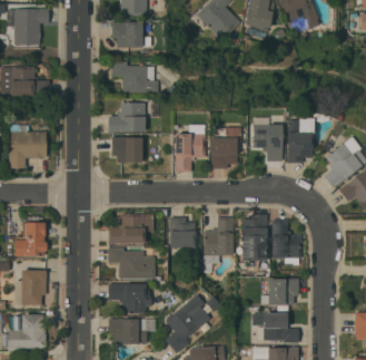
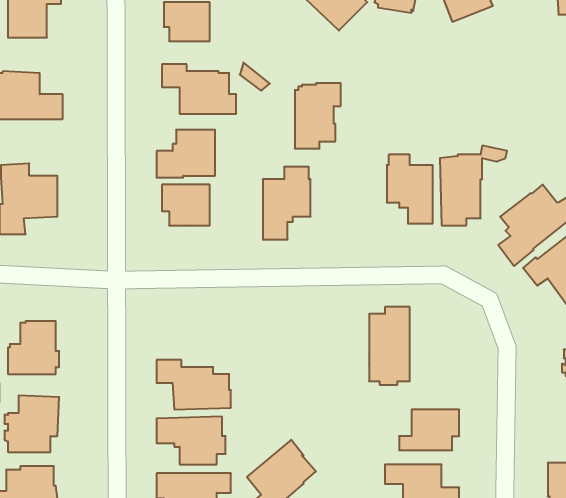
building: [211,127,240,168] -> [295,83,341,149]
building: [108,214,154,243] -> none
building: [169,217,197,257] -> none
building: [204,217,233,272] -> none
building: [271,220,301,265] -> none

